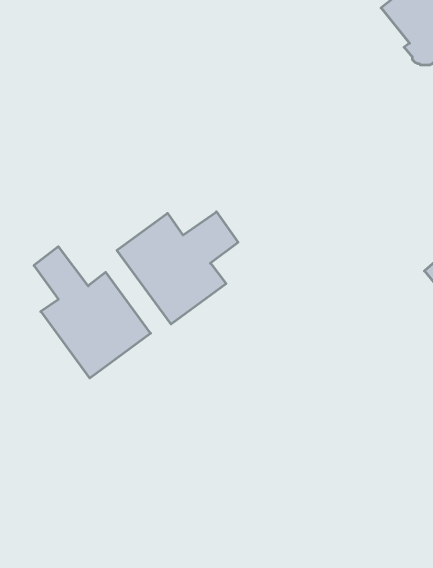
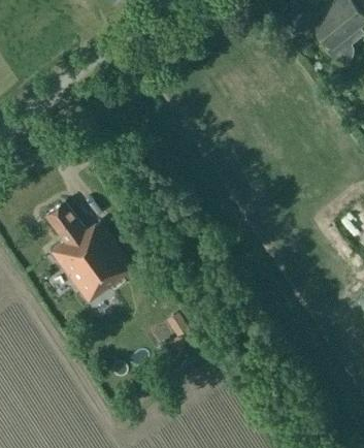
building: [117,212,238,324] -> none

